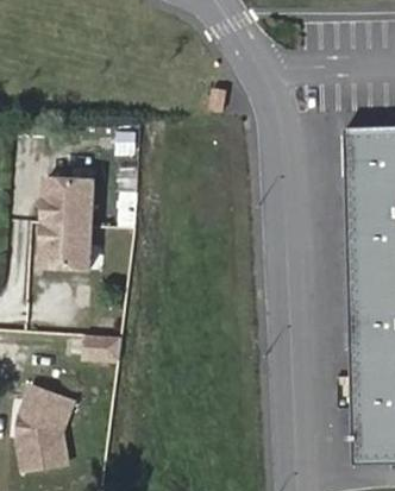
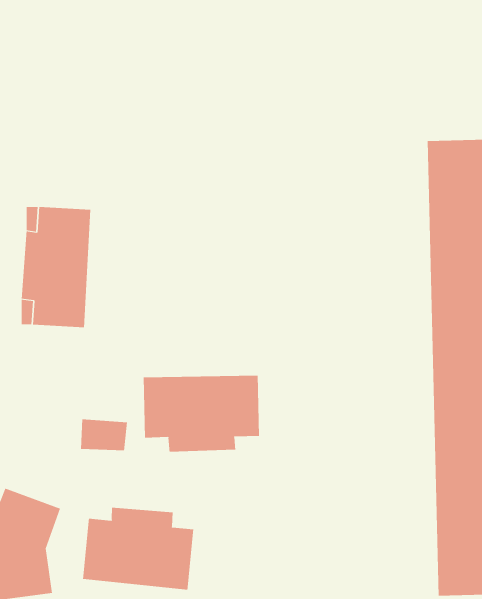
building: none -> [143,375,260,453]
building: none -> [83,507,194,590]

